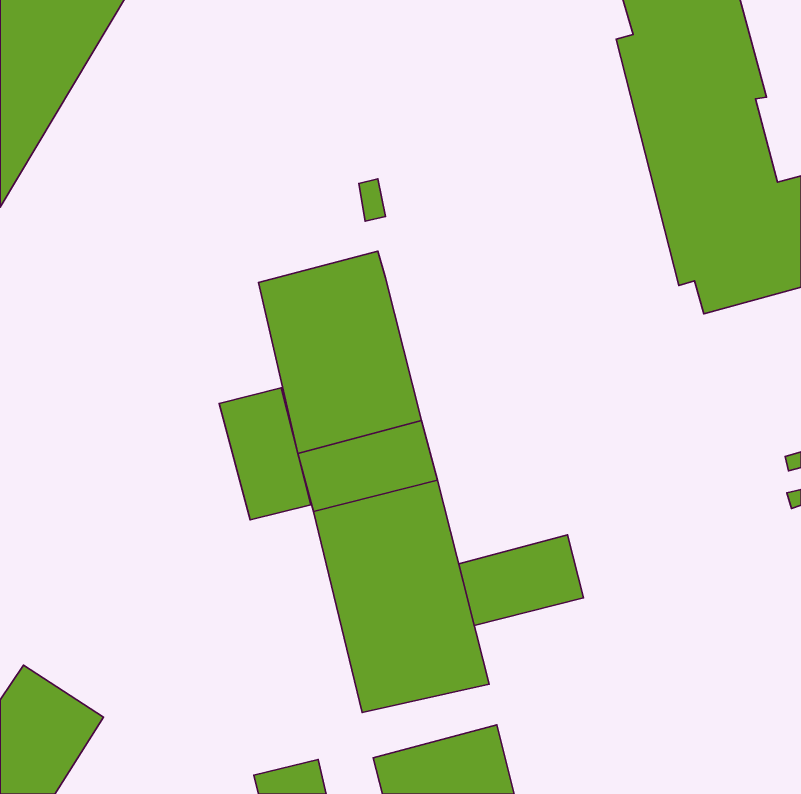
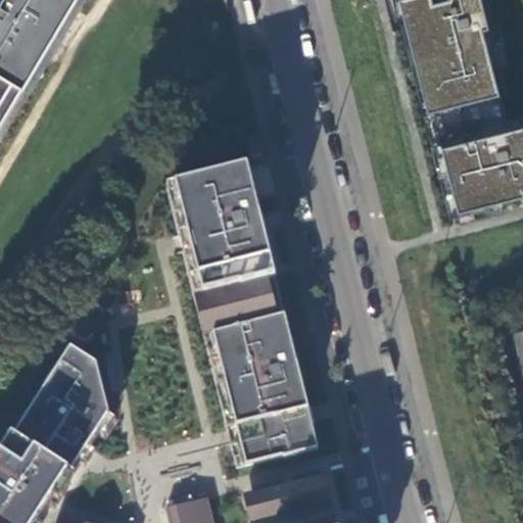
building: [219,388,311,520] -> none
building: none -> [15,343,104,467]
building: [459,535,584,625] -> none

